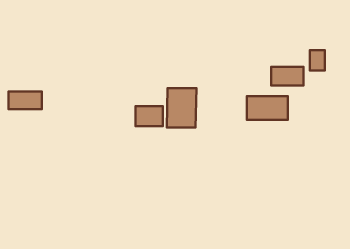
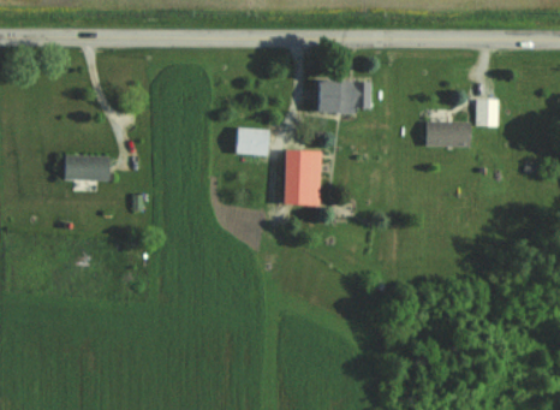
building: [247,96,288,120] -> [312,81,369,113]
building: [135,106,163,126] -> [233,127,270,155]

